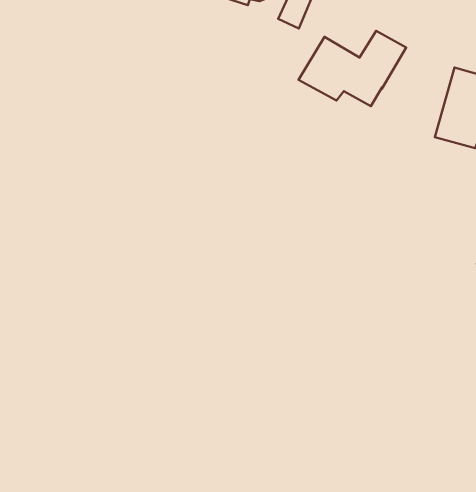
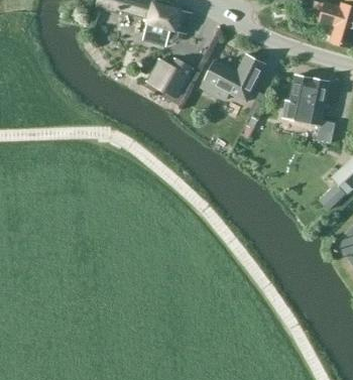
building: none -> [157,60,190,98]

